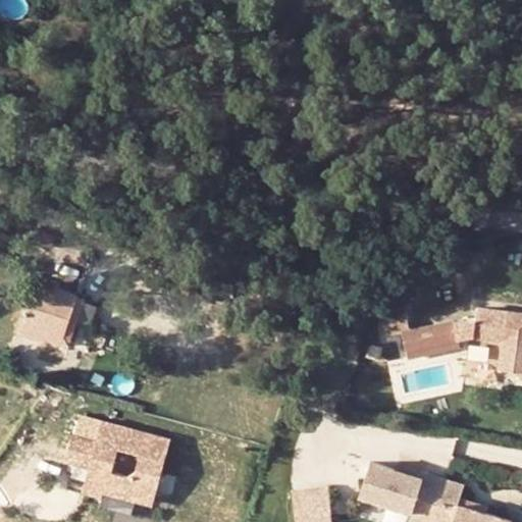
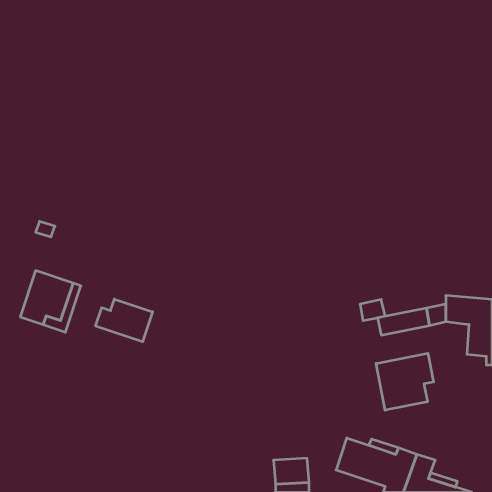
building: none -> [96,299,153,342]
building: none -> [376,353,434,410]
building: [69,423,174,505] -> none

